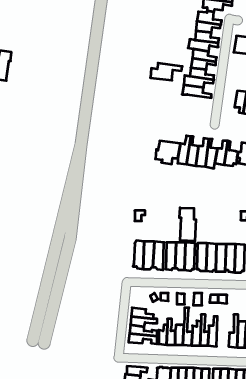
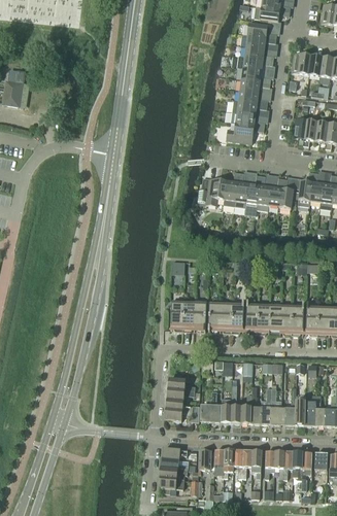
building: [150,63,182,80] -> [226,122,264,142]
building: [179,208,196,241] -> none
building: none -> [270,387,285,423]

